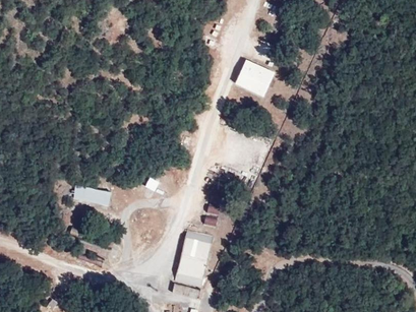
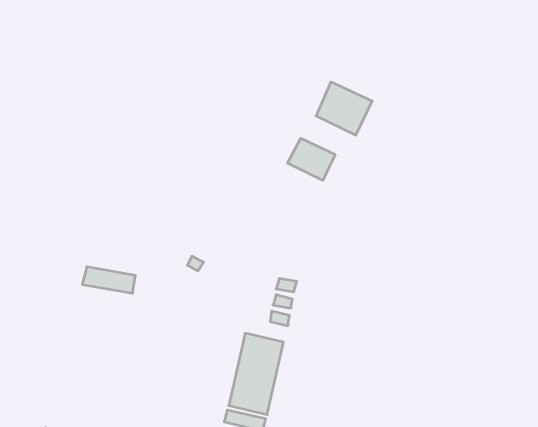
building: none -> [288,138,335,180]

